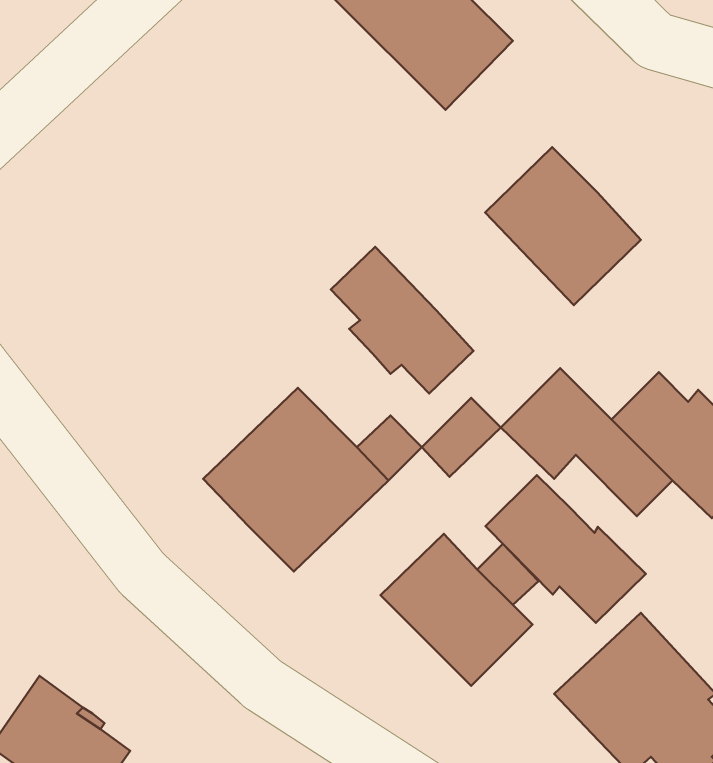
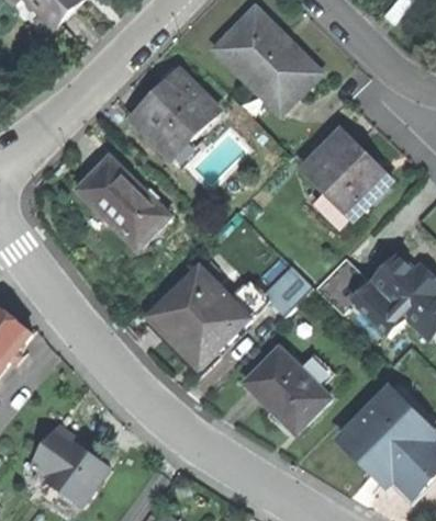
building: none -> [132,73,216,157]
building: none -> [77,158,168,248]
building: [331,247,473,394] -> none
building: [486,475,646,623] -> none

